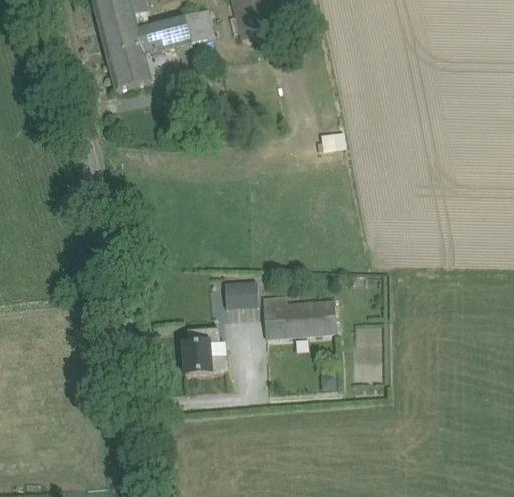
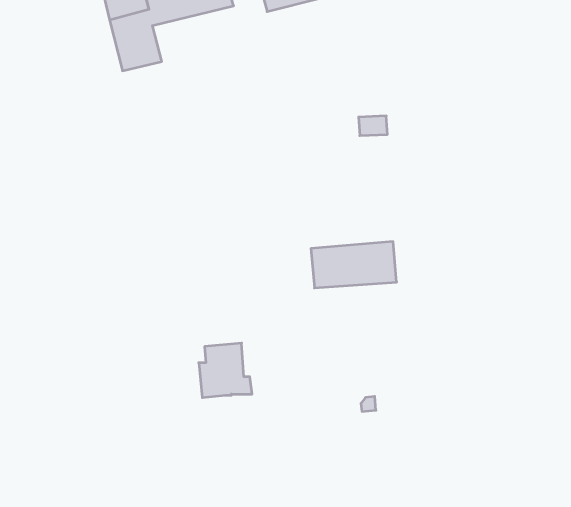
building: [223,279,258,307] -> none
building: [262,299,336,339] -> [311,242,397,288]

